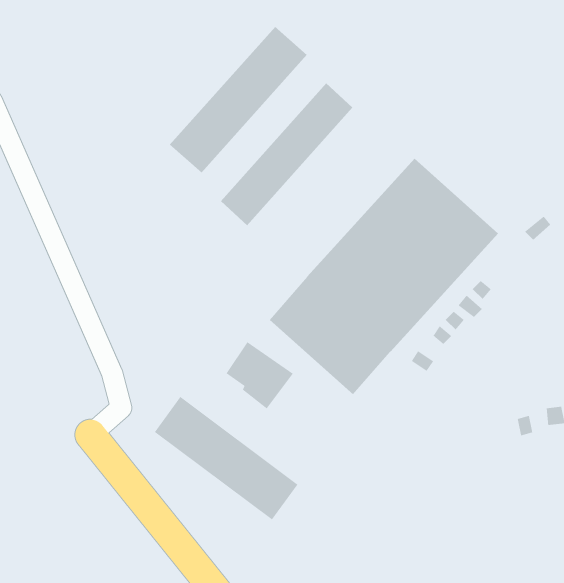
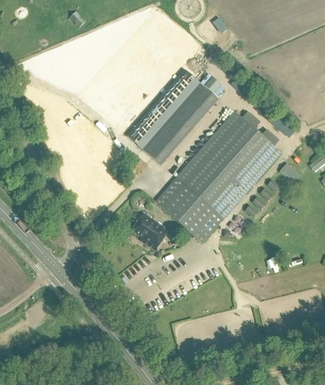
building: [169,26,308,174] -> [142,82,219,164]
building: [154,396,299,521] -> none

